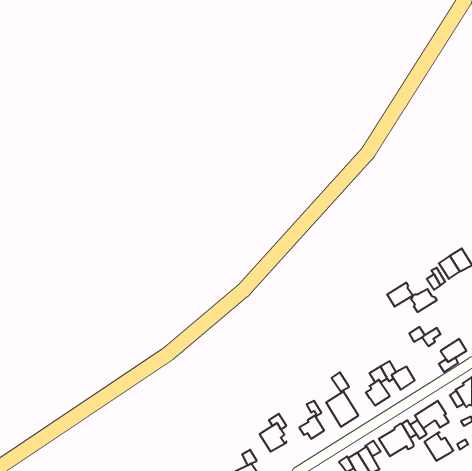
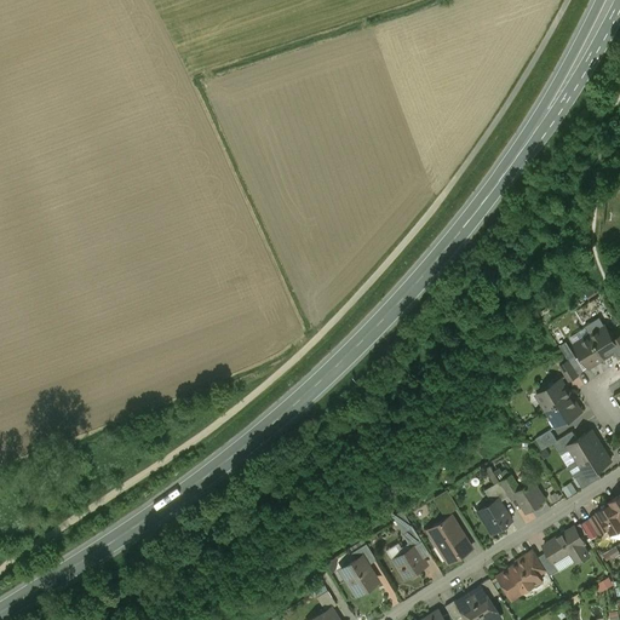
building: [387,283,413,307] -> [547,395,581,426]
building: none -> [568,431,602,461]
building: [425,432,453,461] -> none

